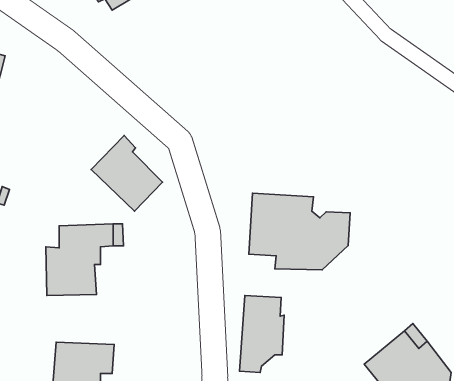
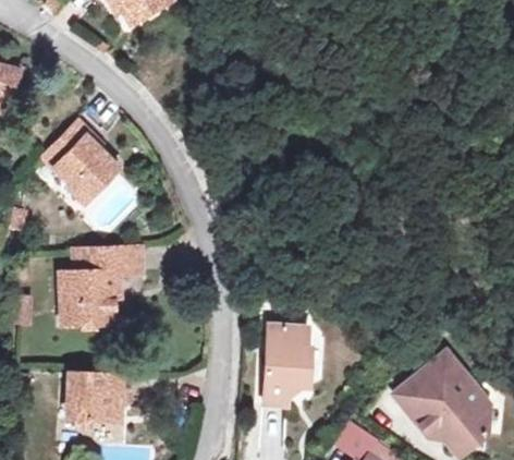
building: [91,135,163,211] -> [41,120,117,199]
building: [249,193,350,270] -> none

